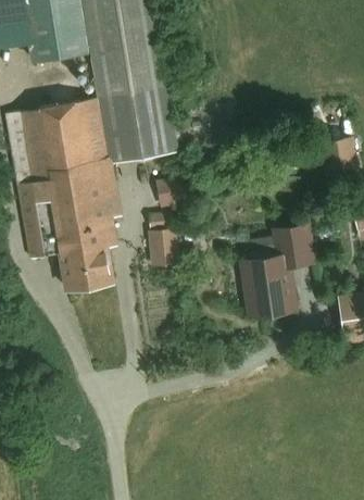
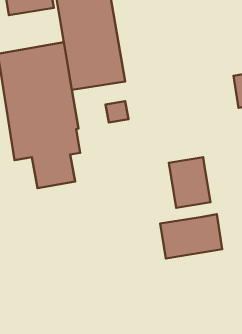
building: [278,223,313,266] -> none
building: [148,226,176,266] -> none
building: none -> [160,214,222,259]

